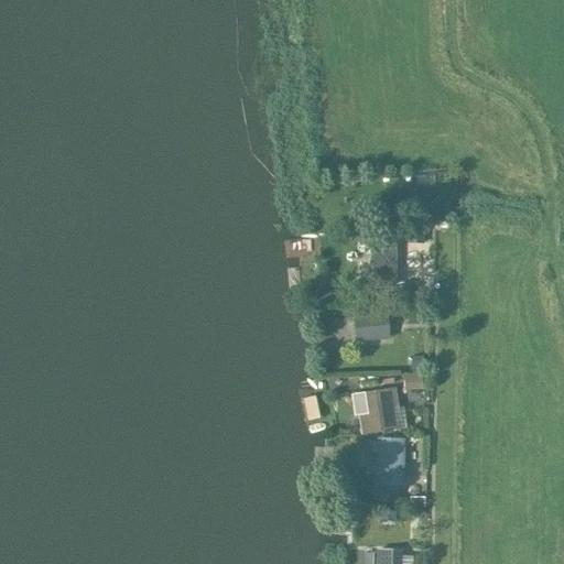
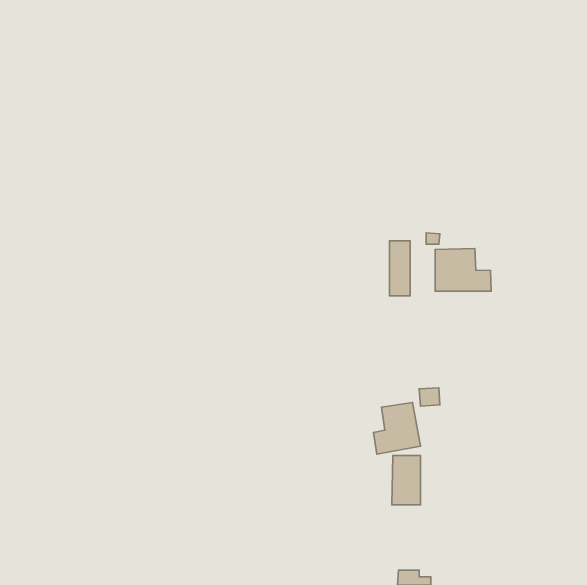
building: none -> [435,248,491,291]
building: [351,314,387,339] -> none

